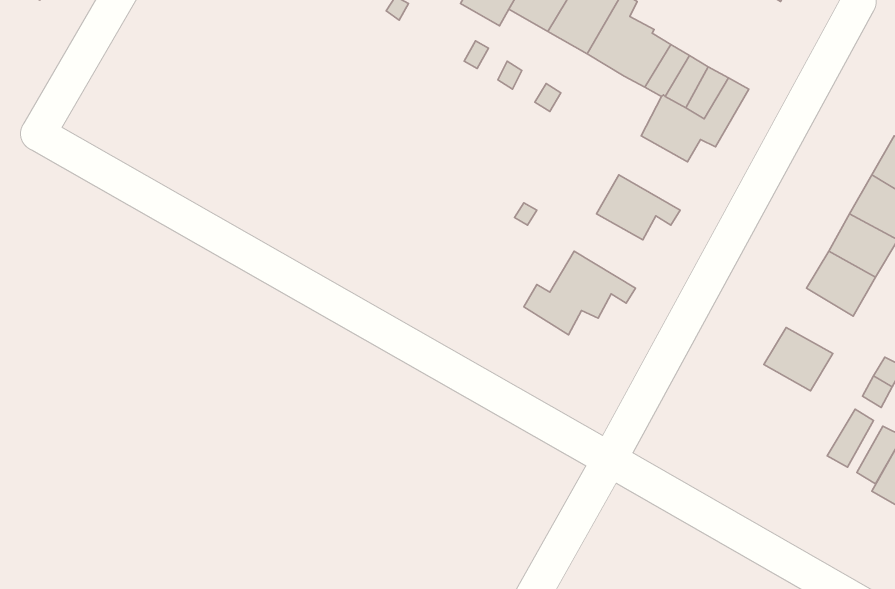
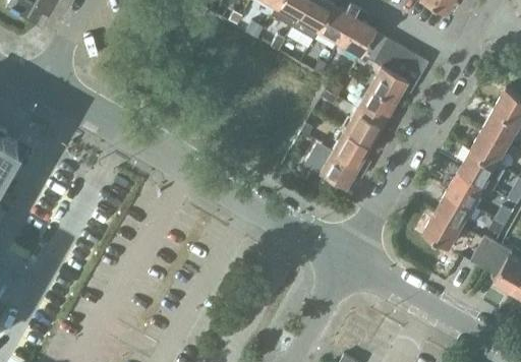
building: none -> [357,86,396,127]
building: none -> [333,129,371,170]
building: none -> [449,170,485,205]
building: none -> [424,212,462,247]

